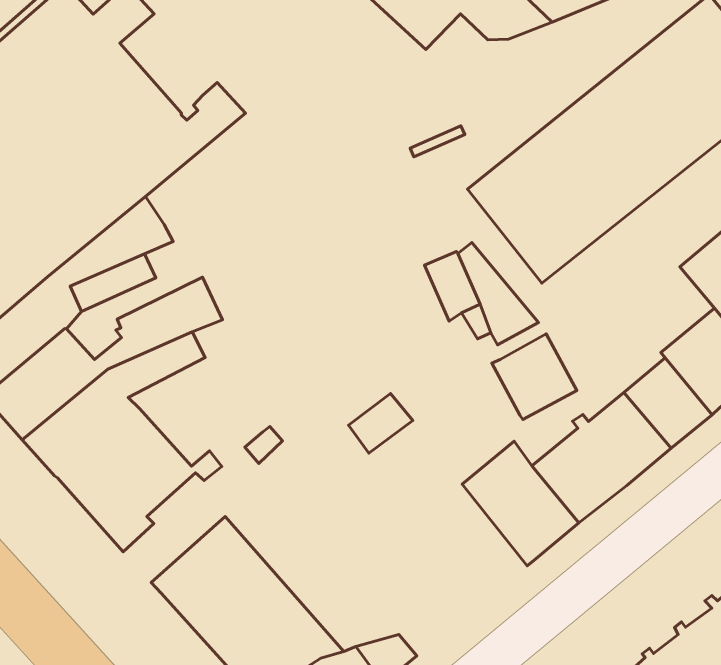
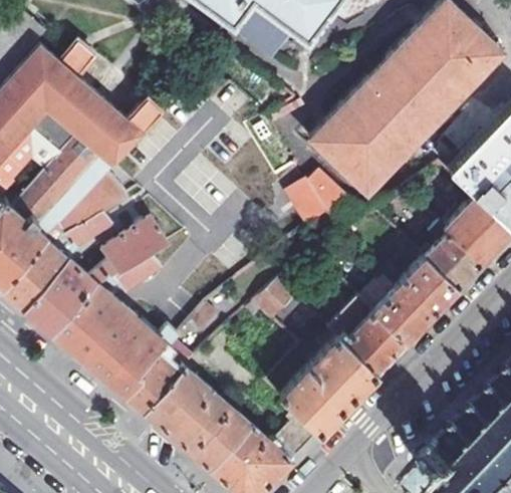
building: [492,334,577,420] -> none
building: none -> [122,341,187,414]
building: none -> [280,336,377,435]

